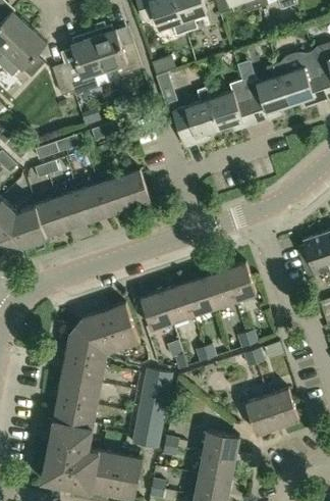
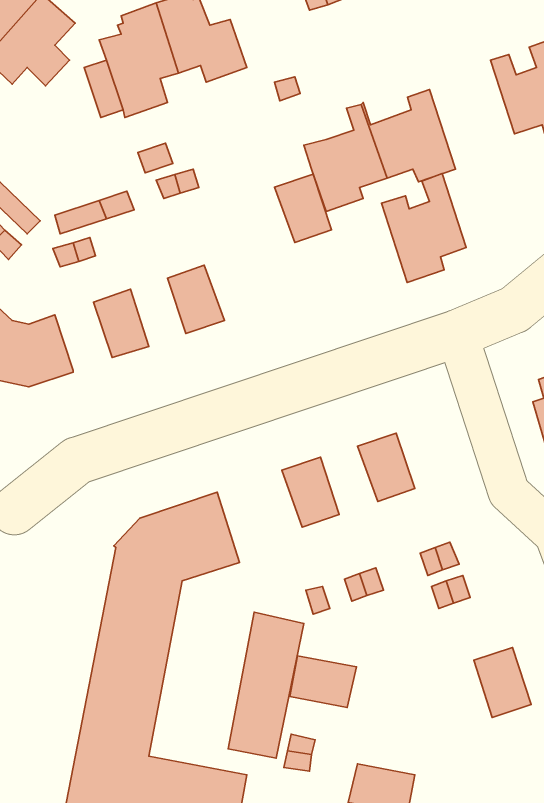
building: [242,63,289,123] -> [381,174,466,283]
building: [118,169,150,207] -> [274,174,332,243]
building: [77,184,108,221] -> none
building: [36,197,67,235] -> none
building: [224,261,256,300] -> none
building: [182,277,214,314] -> none
building: [140,290,172,329] -> none
building: [245,395,277,434] -> none
building: [203,430,239,458] -> [290,656,356,707]

